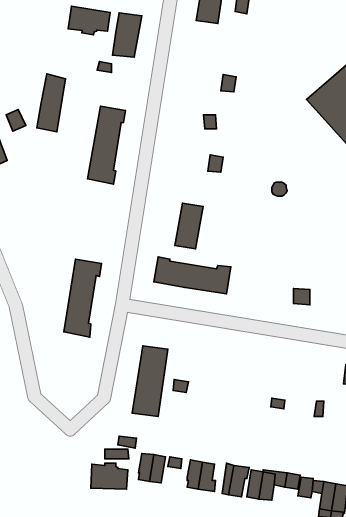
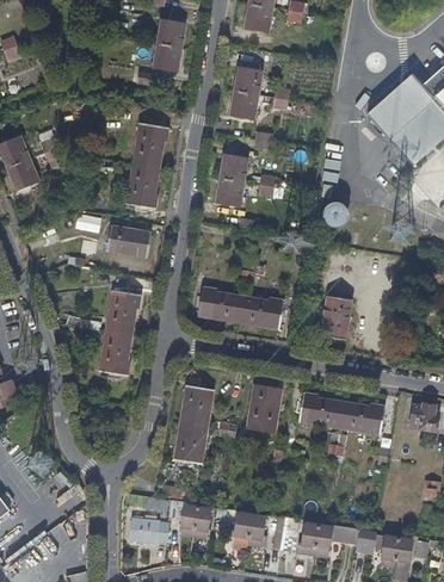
building: [68,6,110,35] -> none
building: none -> [230,67,261,118]
building: [37,74,66,132] -> none
building: none -> [106,227,150,258]
building: [175,203,203,249] -> [216,156,247,206]
building: none -> [320,296,351,340]
building: none -> [247,386,282,433]
building: none -> [298,394,384,435]

